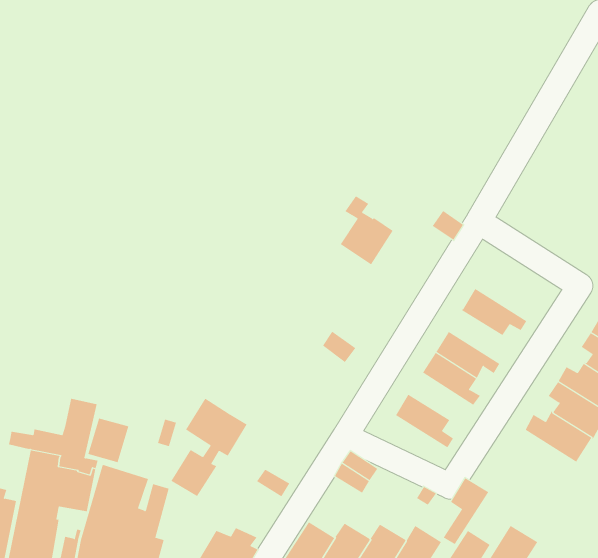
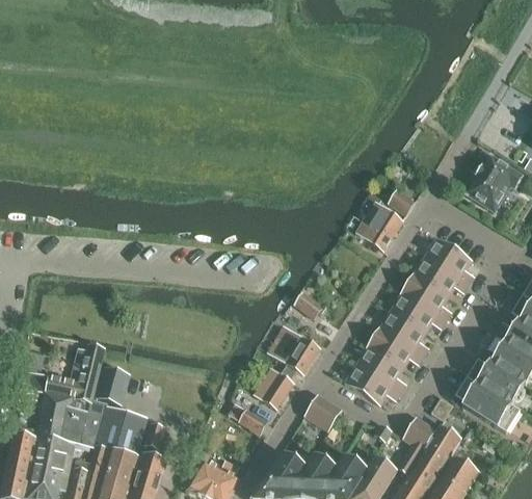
building: none -> [467,153,524,210]
building: [340,195,393,265] -> [357,189,403,248]
building: none -> [425,237,475,283]
building: none -> [401,272,452,319]
building: none -> [368,325,424,367]
building: [171,398,248,497] -> [255,323,320,408]
building: none -> [346,363,402,403]
building: none -> [459,375,522,430]
building: none -> [419,425,460,473]

